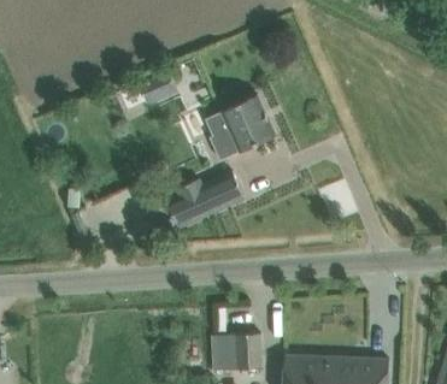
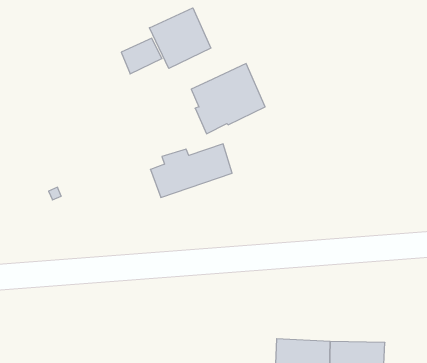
building: none -> [149,8,211,68]
building: [214,333,263,371] -> none

